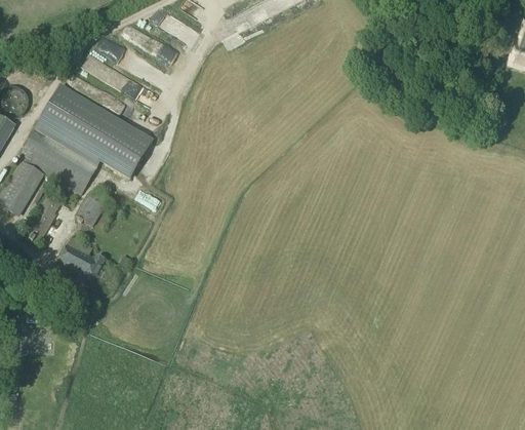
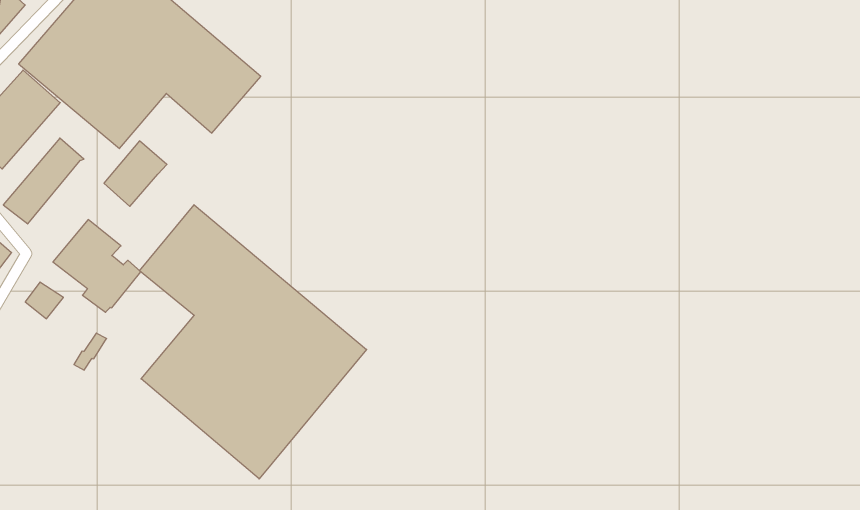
building: none -> [140,205,367,479]

